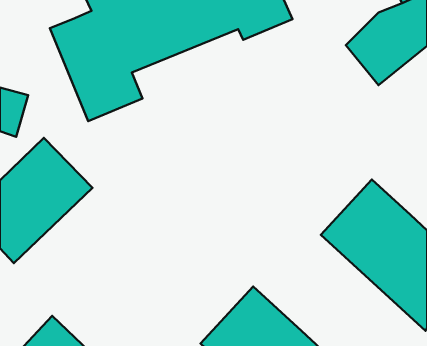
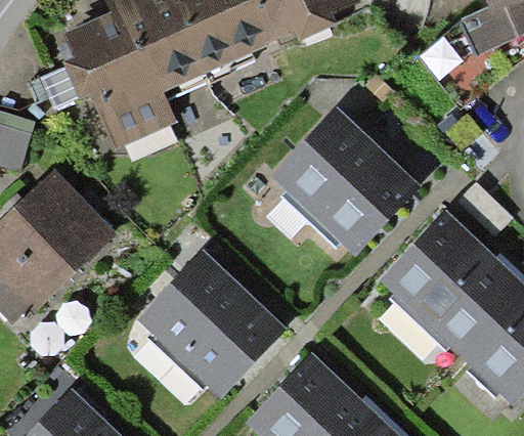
building: none -> [280,118,425,260]
building: none -> [133,249,276,392]

